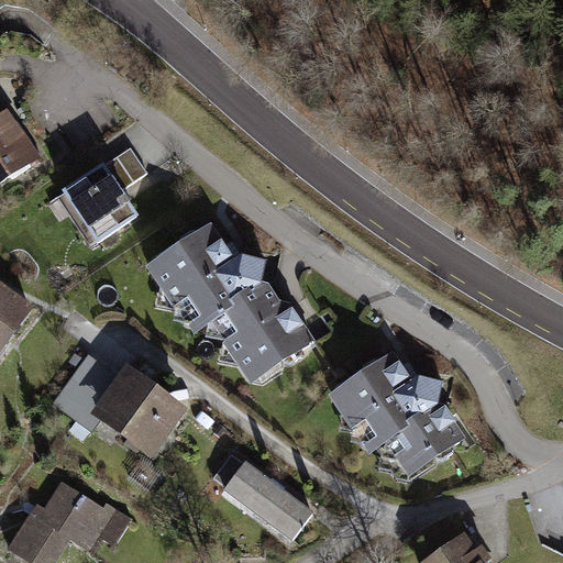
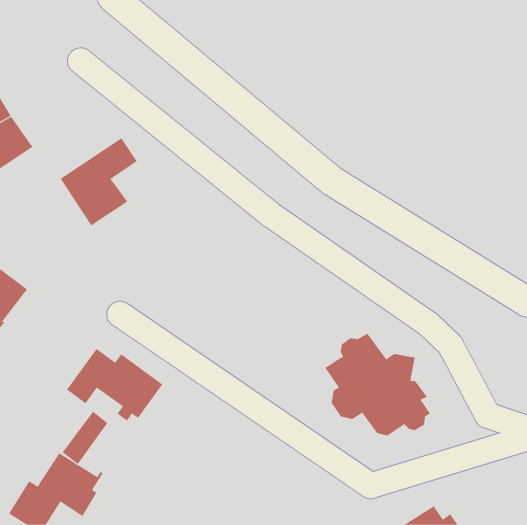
building: [164,225,313,367] -> none
building: [53,357,102,415] -> [62,411,108,465]
building: [212,453,312,539] -> none

